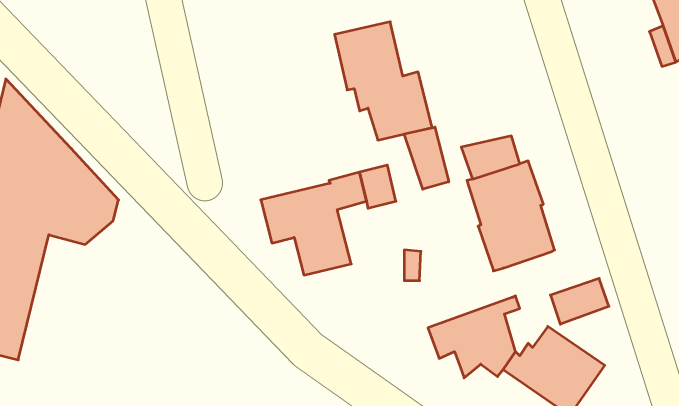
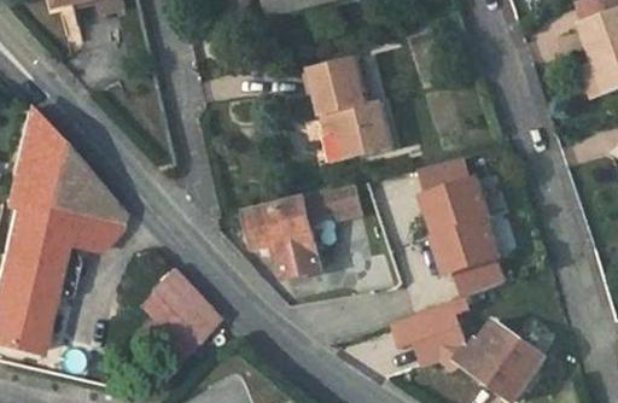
building: [404,127,449,189] -> none
building: none -> [139,270,220,364]
building: [550,278,609,324] -> [456,258,507,298]

